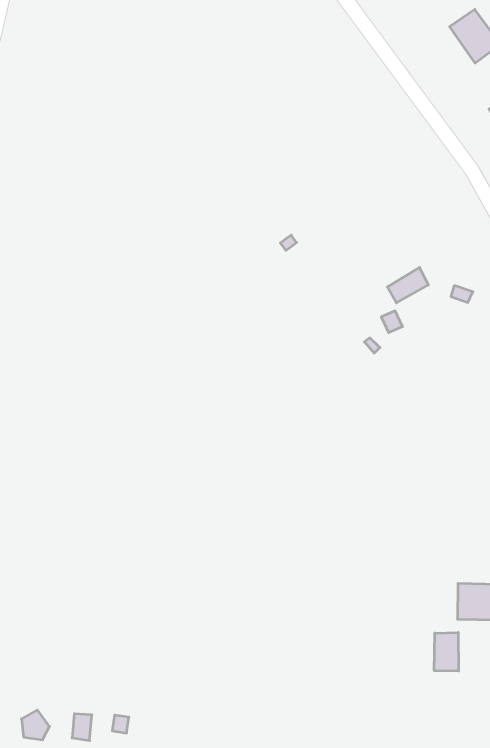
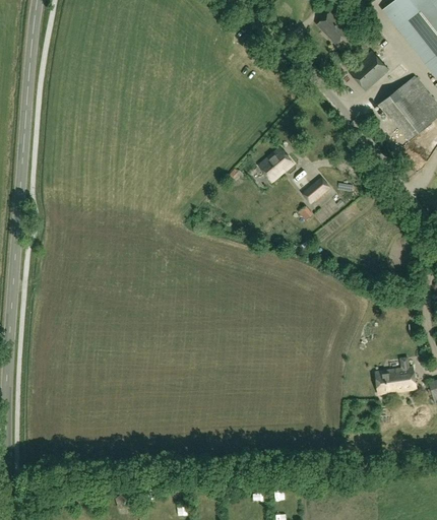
building: none -> [259,148,293,181]
building: [434,632,459,671] -> none

